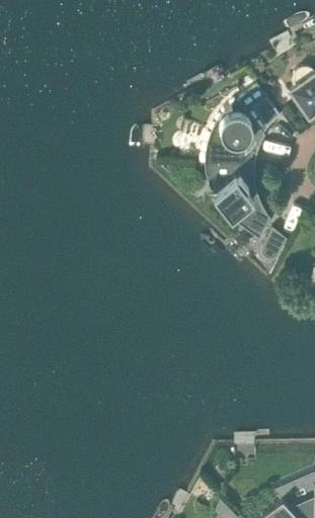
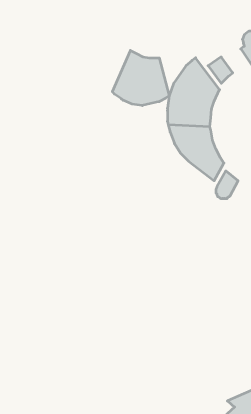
building: none -> [112,50,169,106]

